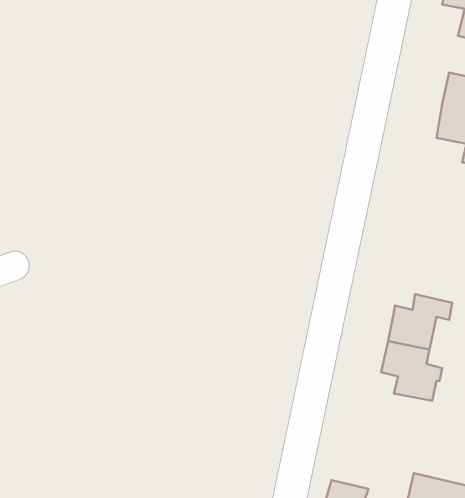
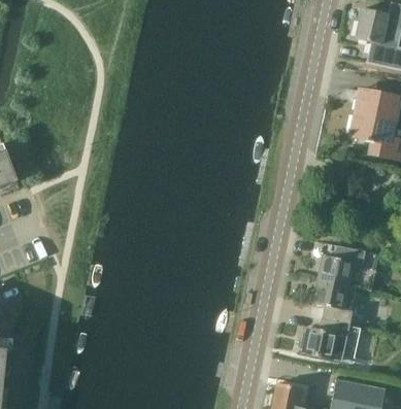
building: none -> [300,320,360,363]

